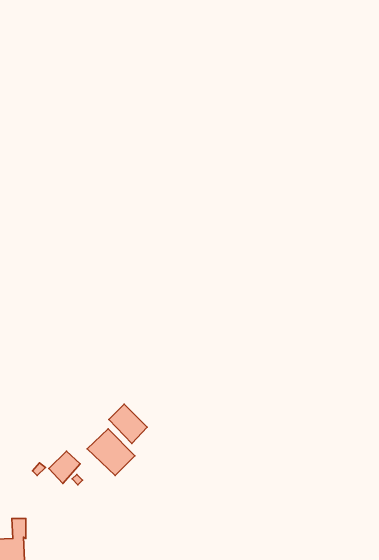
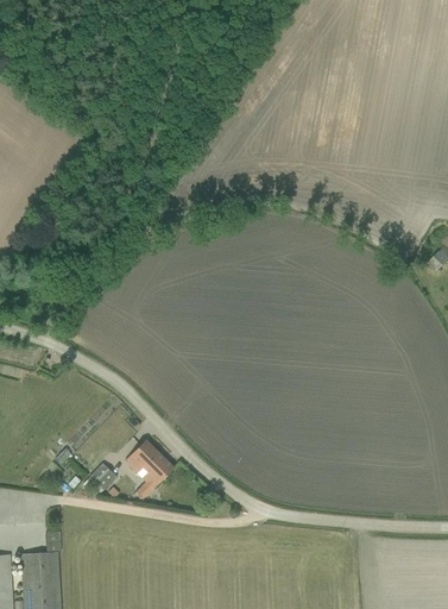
building: [109,404,147,444] -> none

